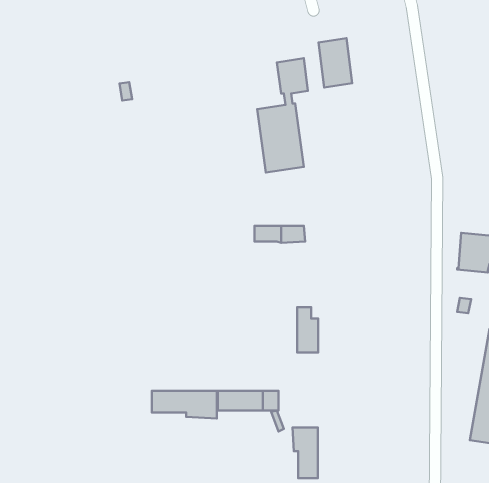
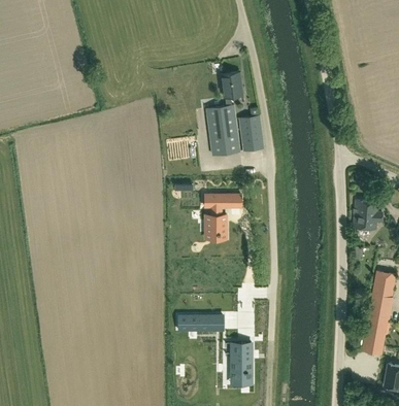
building: [318,38,352,87] -> [239,115,264,151]
building: [297,307,318,352] -> [210,206,226,239]
building: [152,391,217,419] -> none

